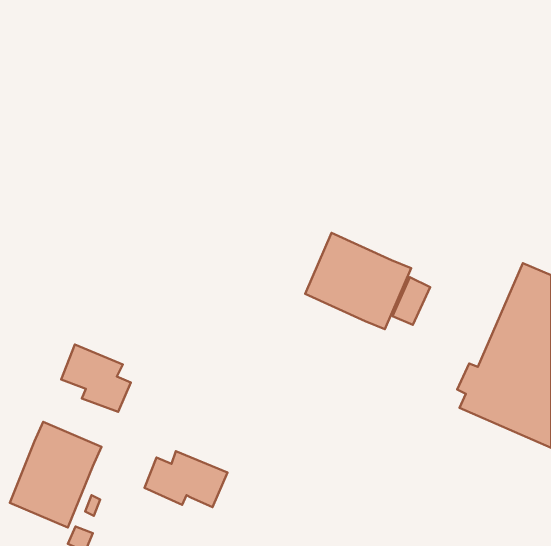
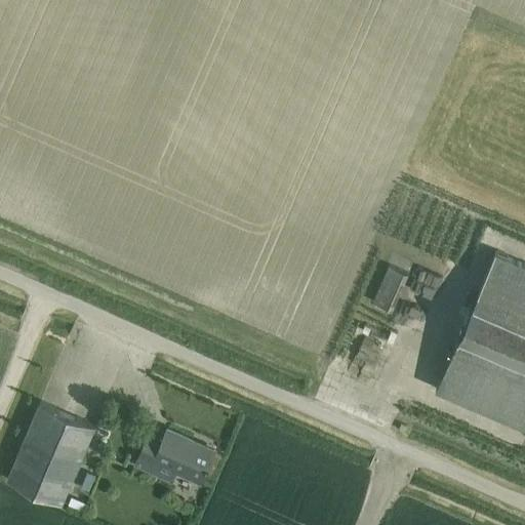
building: [305,233,411,329] -> none
building: [61,345,131,412] -> none

